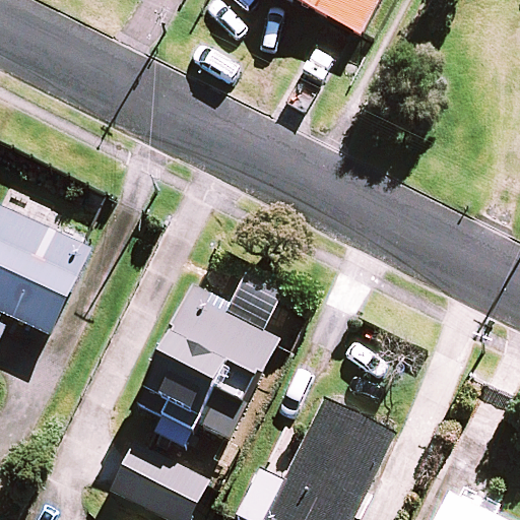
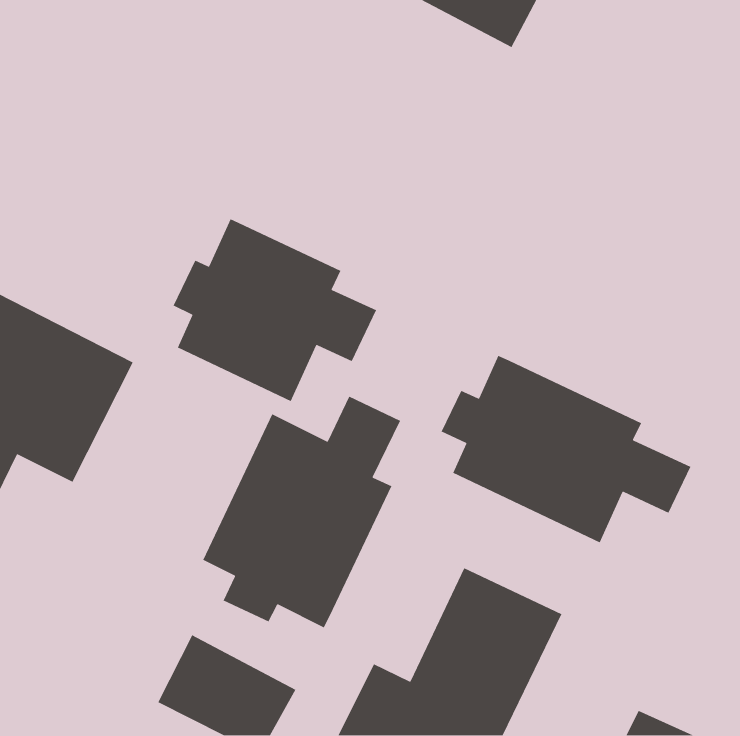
building: none -> [172,218,377,402]
building: none -> [440,355,692,544]

